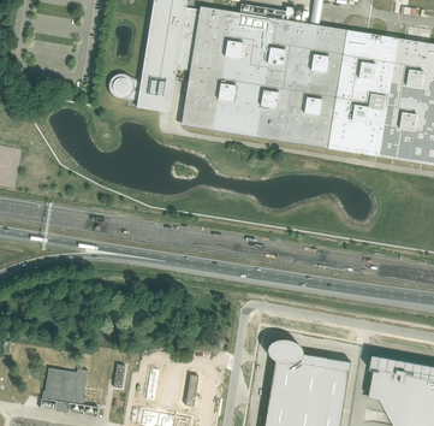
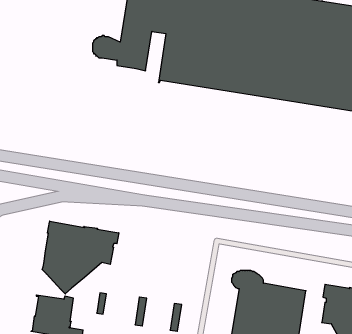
building: none -> [42,221,119,294]

